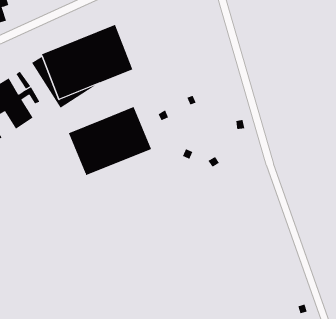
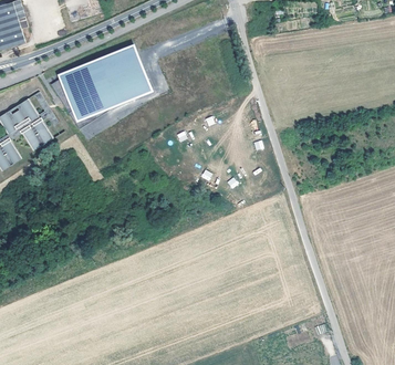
building: [68,106,152,176] -> none

